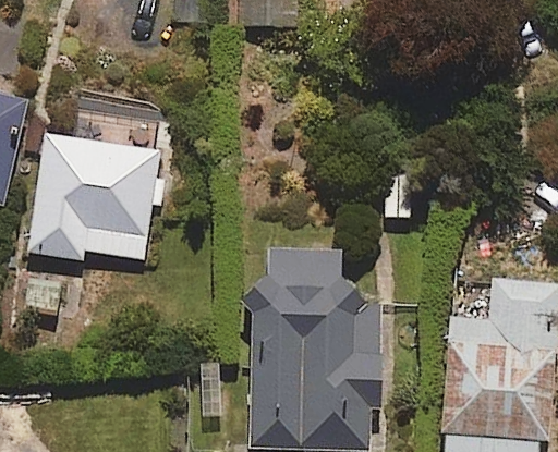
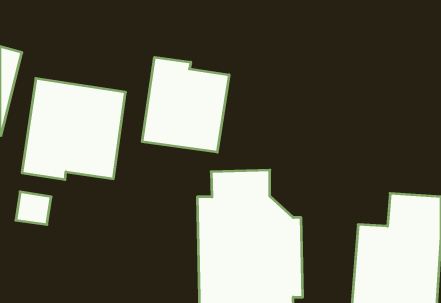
building: none -> [142,57,229,152]

